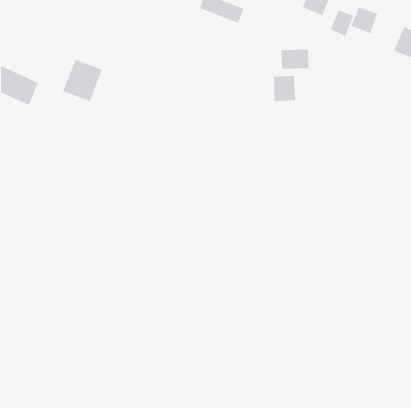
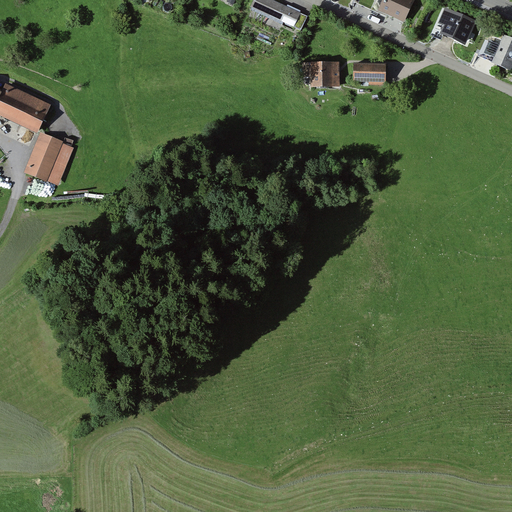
building: [330,10,354,37] -> none
building: [62,59,102,102] -> [25,133,75,186]
building: [273,76,296,101] -> [308,58,336,90]

